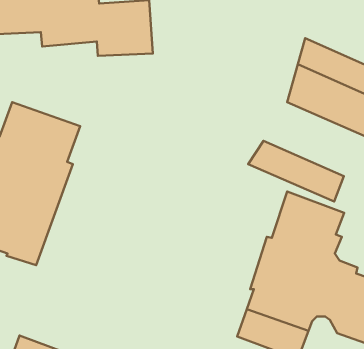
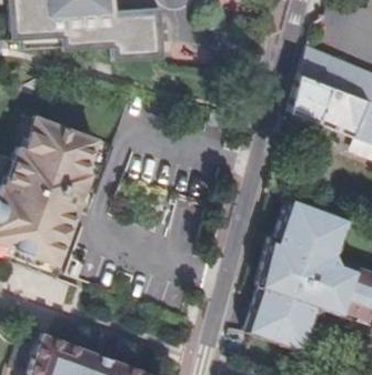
building: [248,141,344,202] -> none

